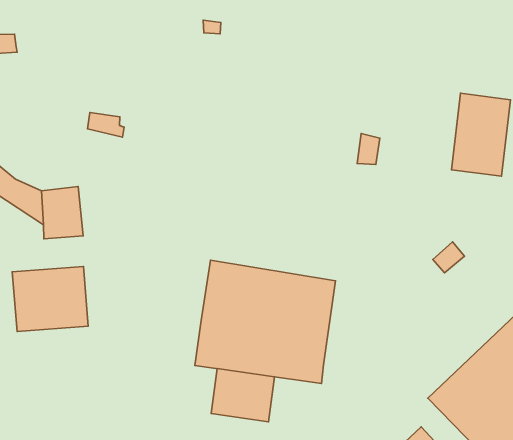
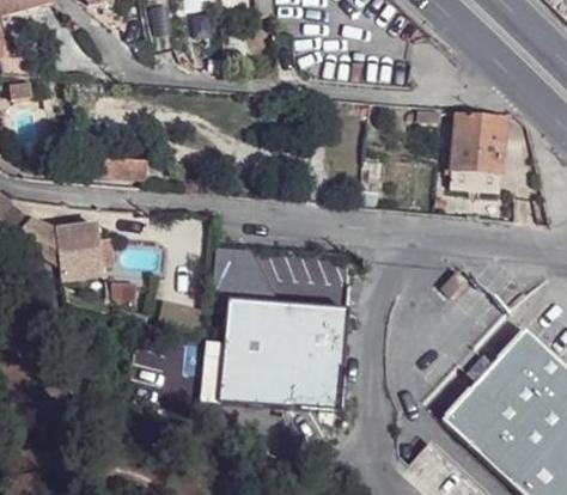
building: [12,267,88,331] -> none
building: [211,369,275,422] -> none

